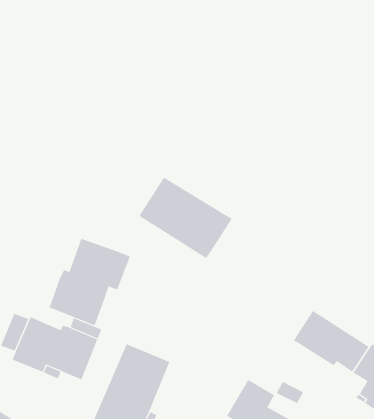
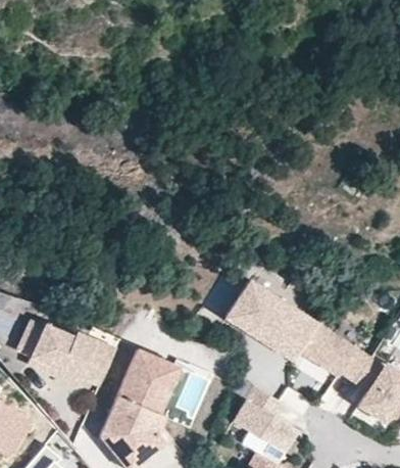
building: [139,177,232,259] -> [227,281,315,359]
building: [49,238,130,326] -> none

